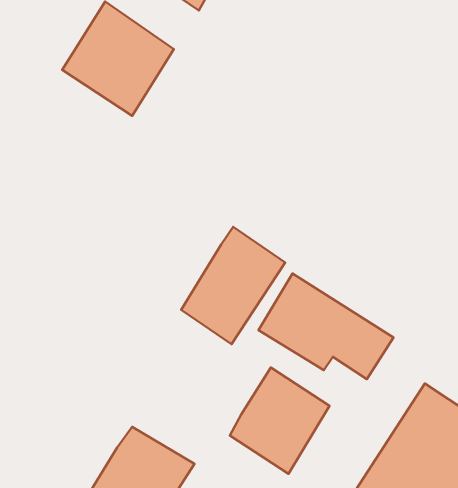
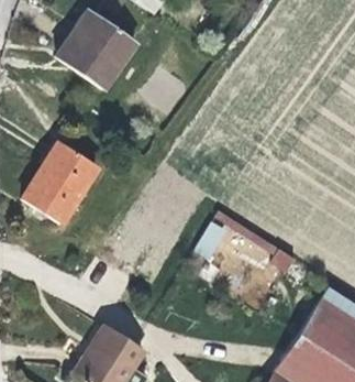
building: [181,227,285,344] -> [19,144,96,231]
building: [230,367,329,474] -> none

